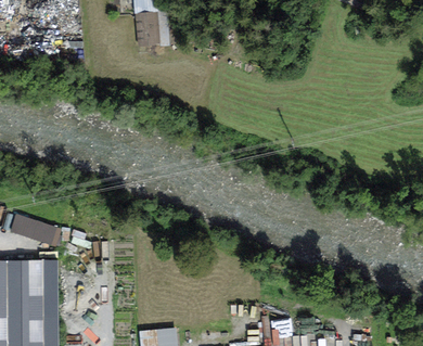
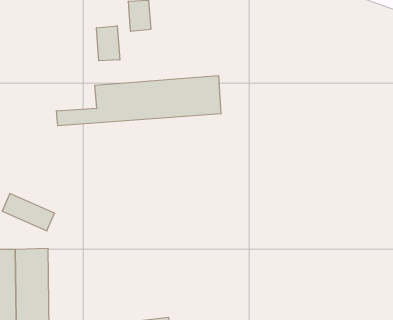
building: none -> [97,26,120,61]
building: none -> [56,76,221,126]

